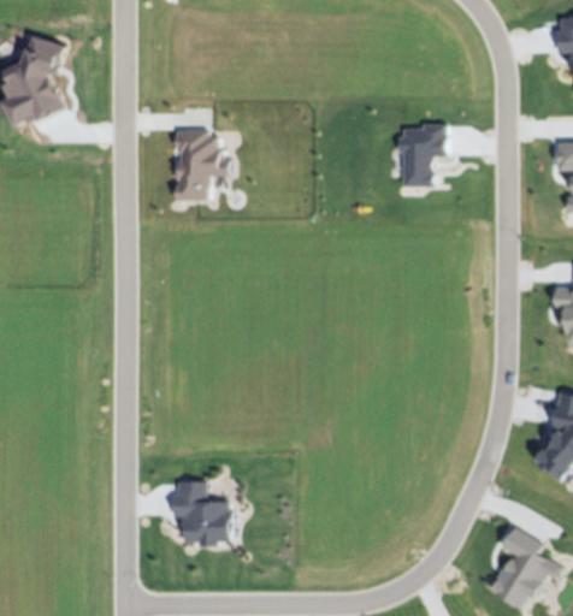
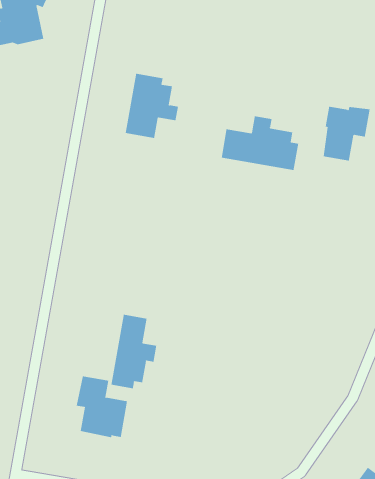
building: none -> [221,115,299,171]
building: none -> [111,314,157,389]

